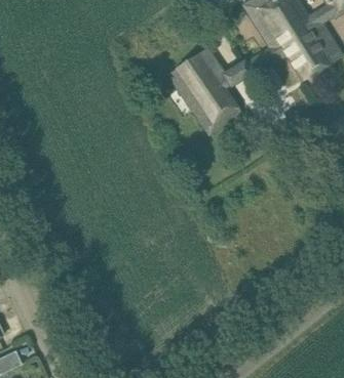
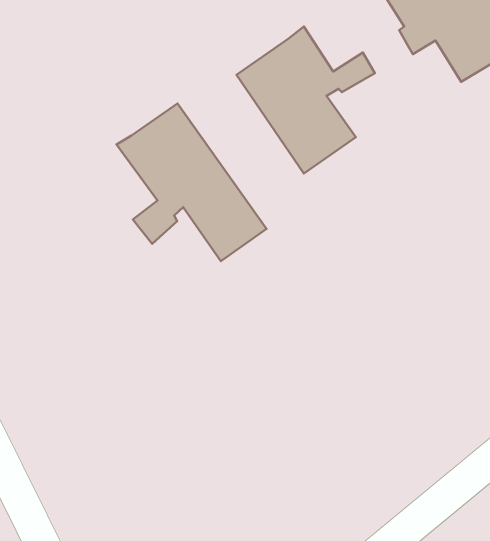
building: none -> [117,104,267,261]

